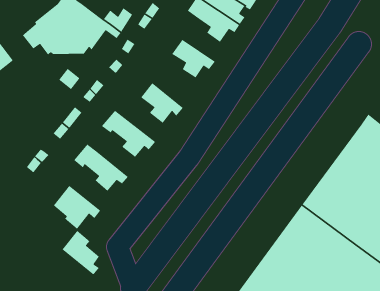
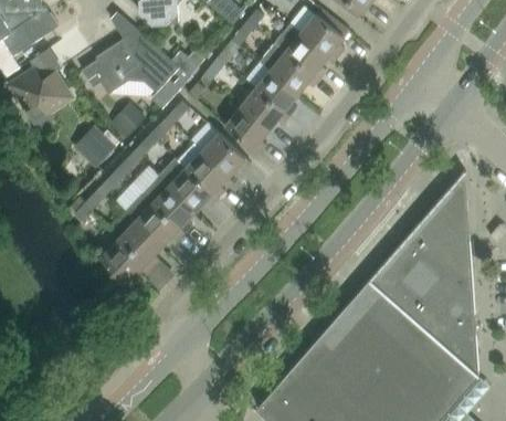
building: none -> [255,65,296,115]
building: none -> [224,103,266,152]
building: none -> [75,125,119,165]
building: none -> [177,141,226,197]
building: none -> [143,175,193,232]
building: [62,230,100,275] -> [119,215,160,266]

